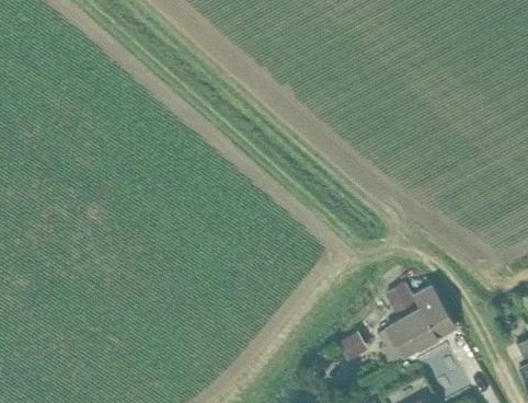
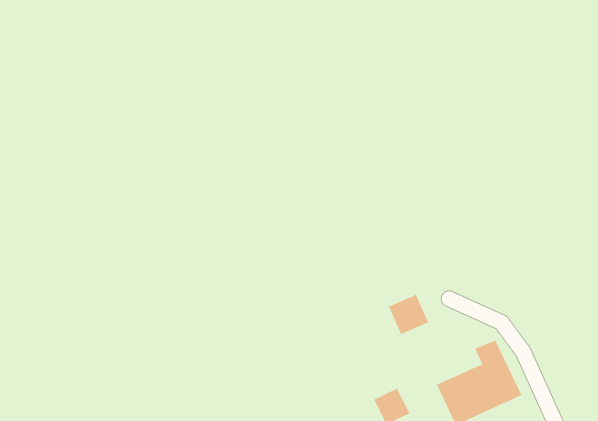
building: [384,284,418,318] -> [388,294,429,335]

